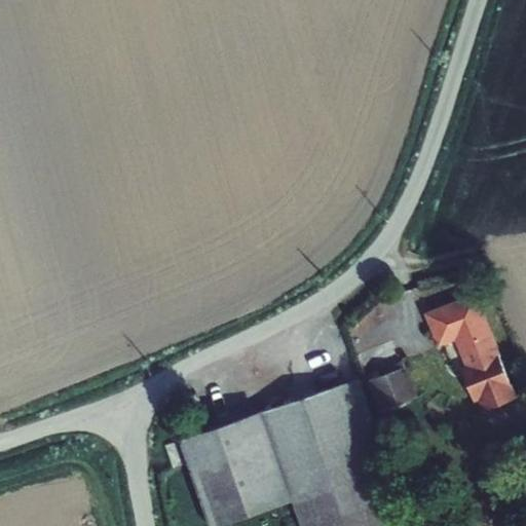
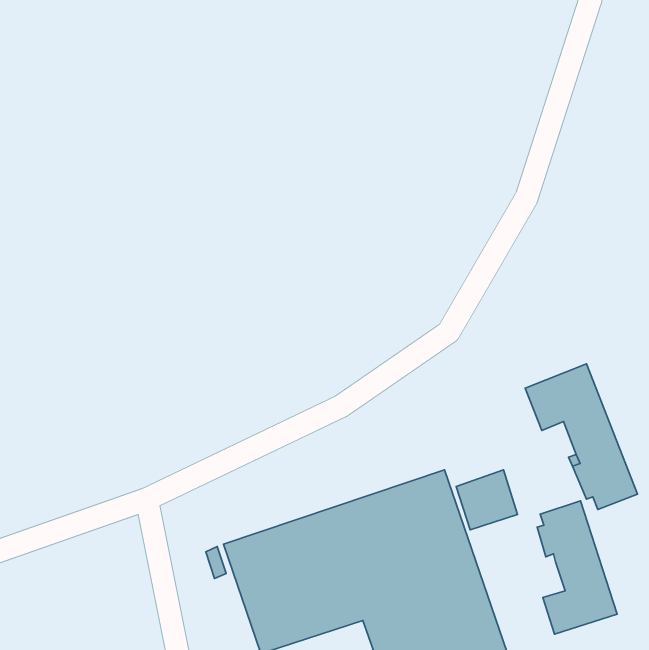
building: none -> [537,501,617,634]

